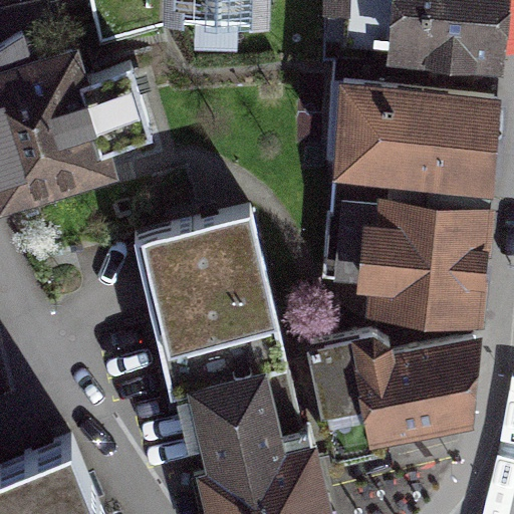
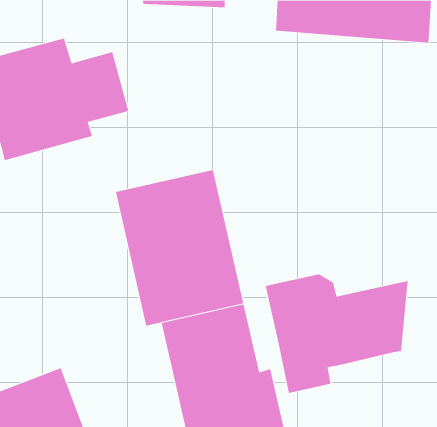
building: [343,83,501,179] -> none
building: [338,203,489,315] -> none

